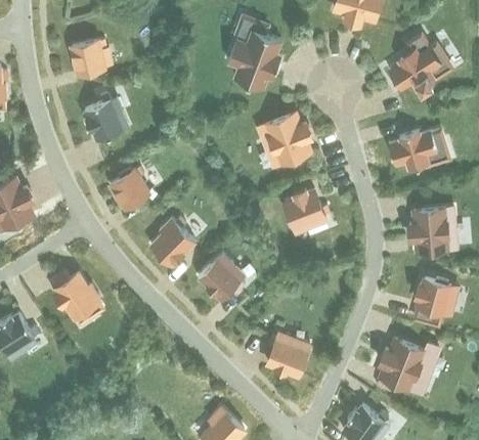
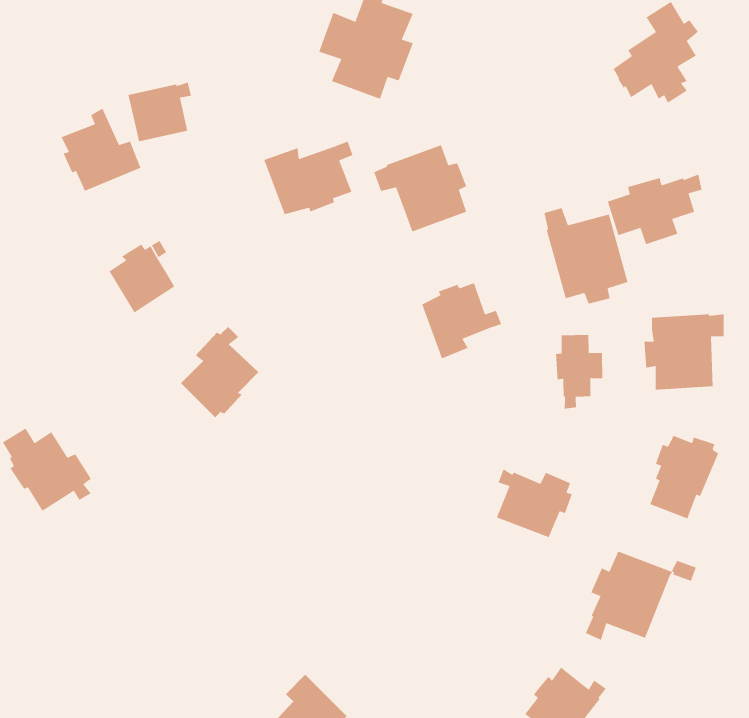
building: [71,41,106,75] -> [127,82,192,142]
building: none -> [263,141,354,215]
building: none -> [543,207,629,304]
building: none -> [555,334,603,409]
building: [198,254,245,302] -> none
building: [267,338,310,377] -> [496,468,573,538]

